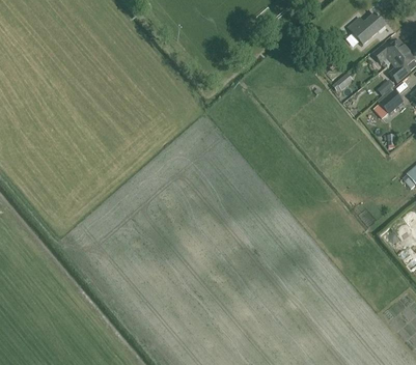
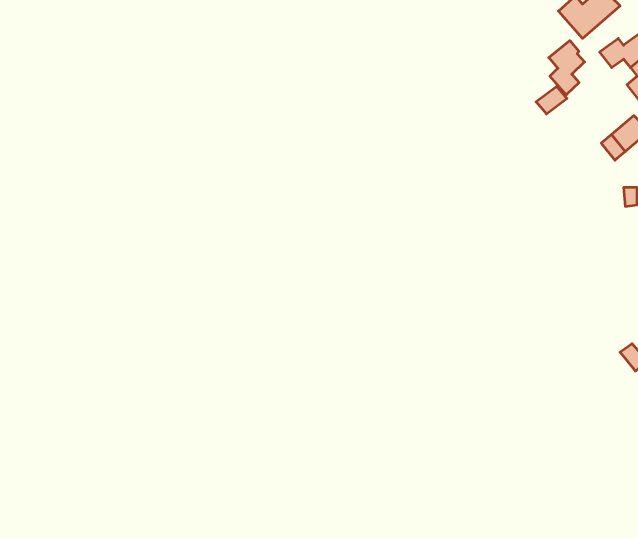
building: none -> [549,41,585,95]

